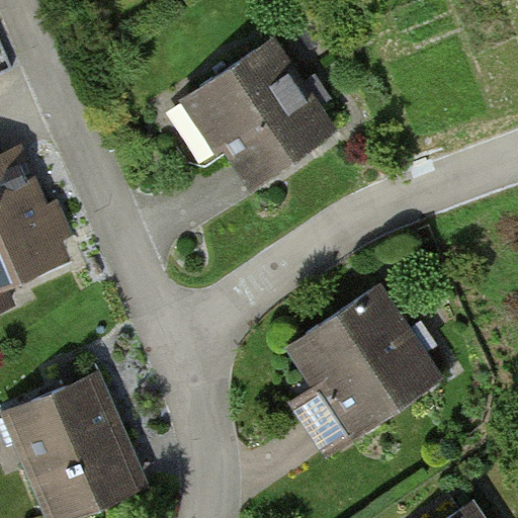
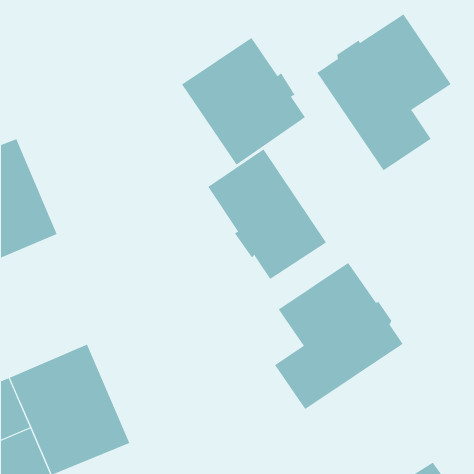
building: none -> [316,14,451,171]
building: none -> [207,148,327,280]

